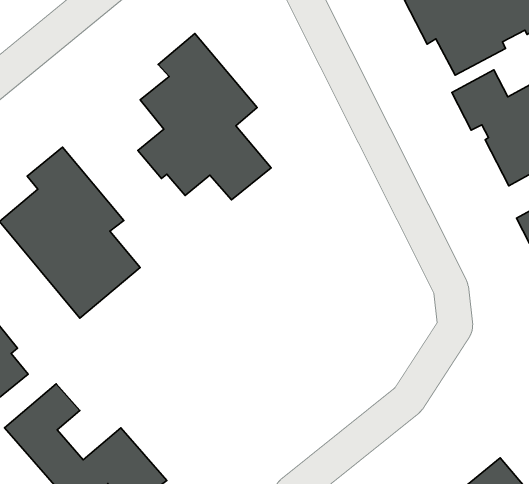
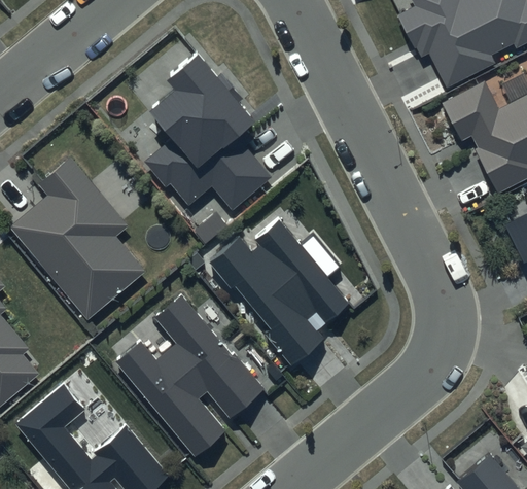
building: none -> [208,217,352,366]
building: none -> [114,293,264,455]

